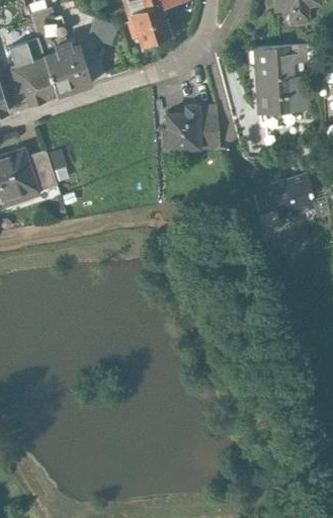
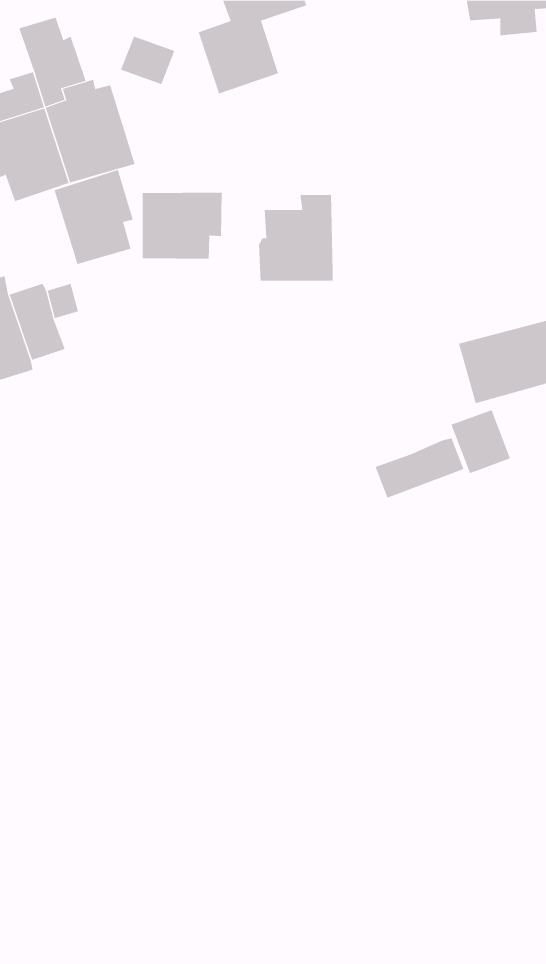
building: [251,44,304,115] -> none
building: none -> [54,169,133,265]
building: none -> [142,192,222,260]
building: [199,103,217,146] -> none
building: none -> [375,437,464,499]

